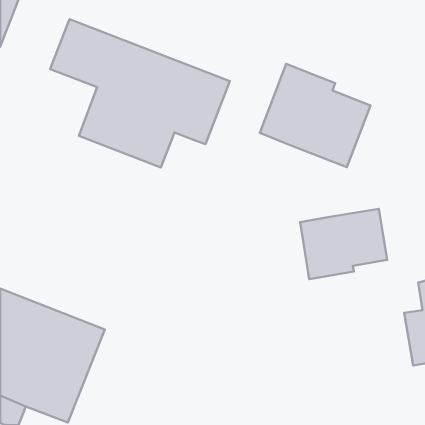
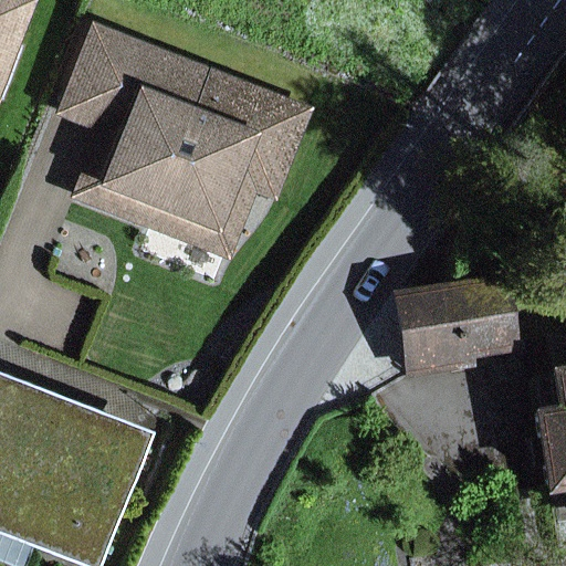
building: [260,64,371,167] -> none
building: none -> [65,92,260,255]

